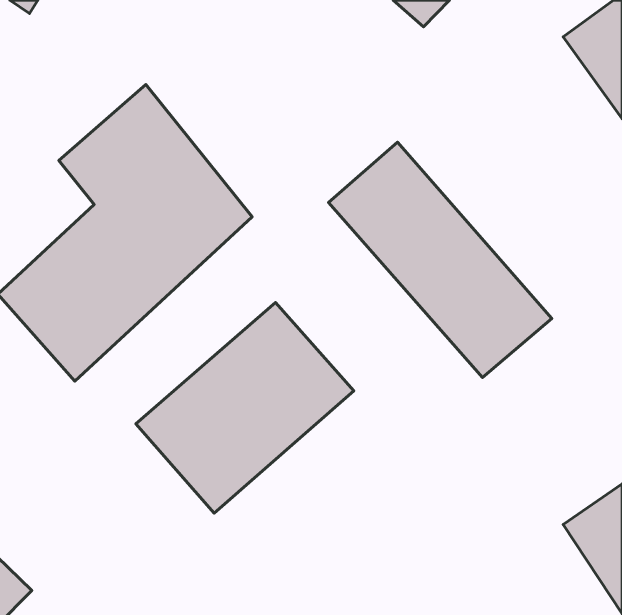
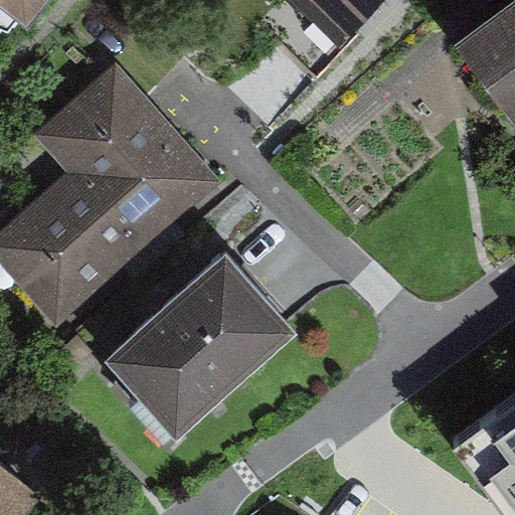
building: [328,142,552,378] -> none

